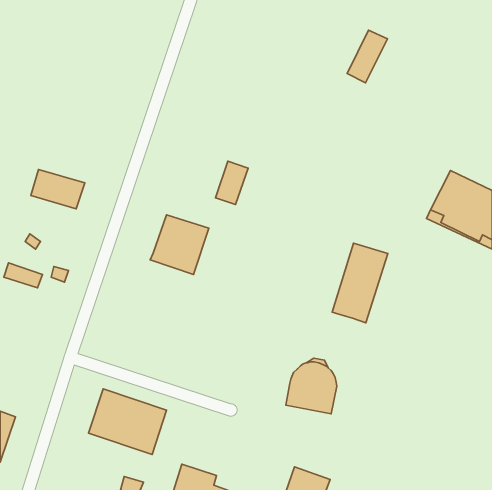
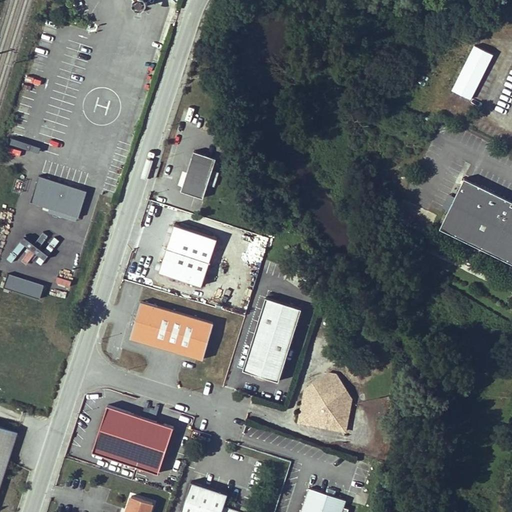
building: [347,30,388,83] -> [451,48,493,103]
building: [215,161,248,205] -> [182,151,216,196]
building: [332,243,388,323] -> [242,299,300,382]
building: none -> [131,302,213,359]

